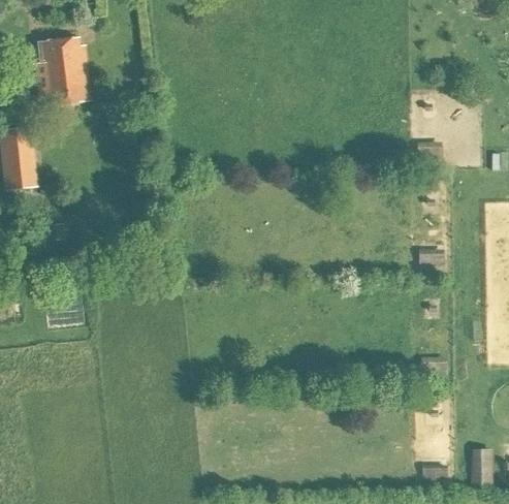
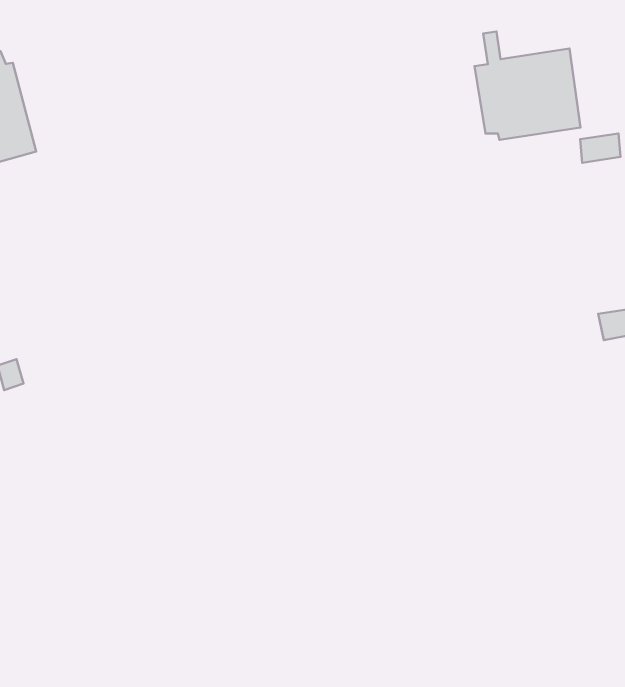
building: none -> [474,32,580,140]

